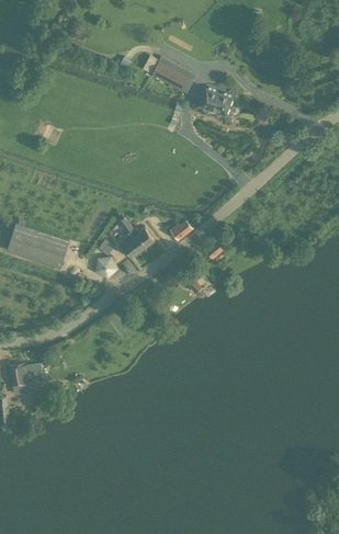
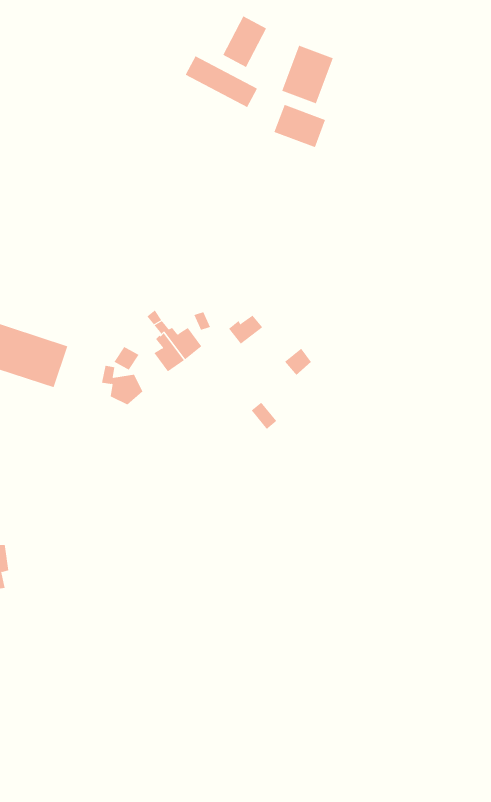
building: none -> [222,16,267,68]
building: none -> [281,45,334,104]

